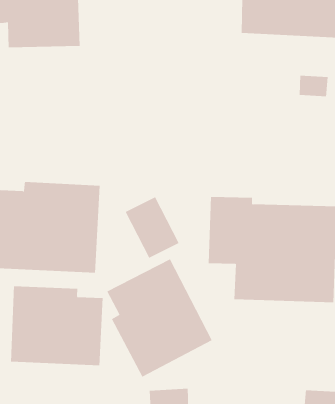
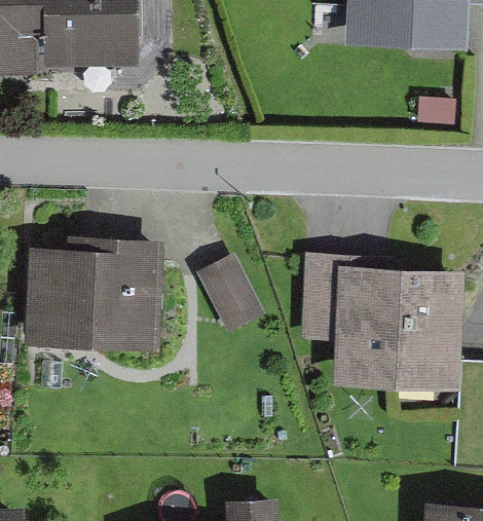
building: [106,259,212,378] -> none
building: [11,286,103,366] -> none

